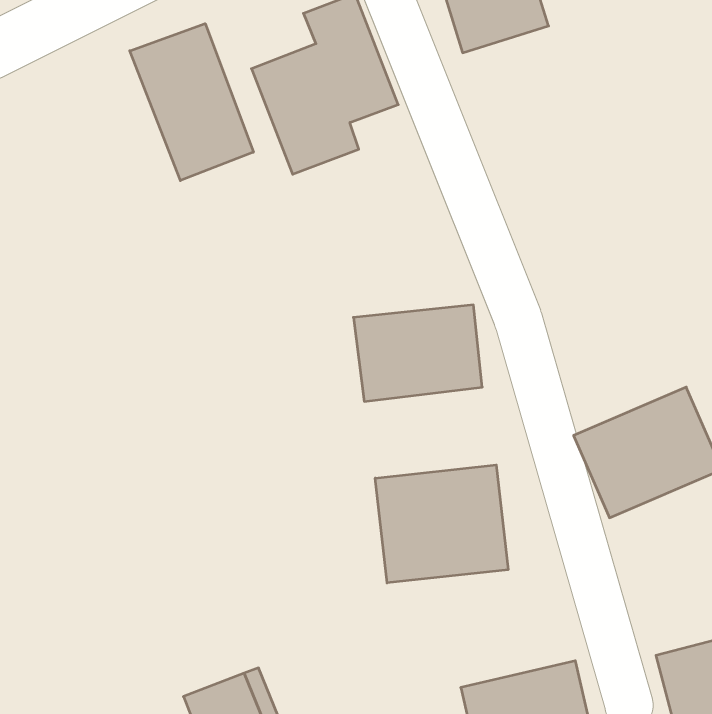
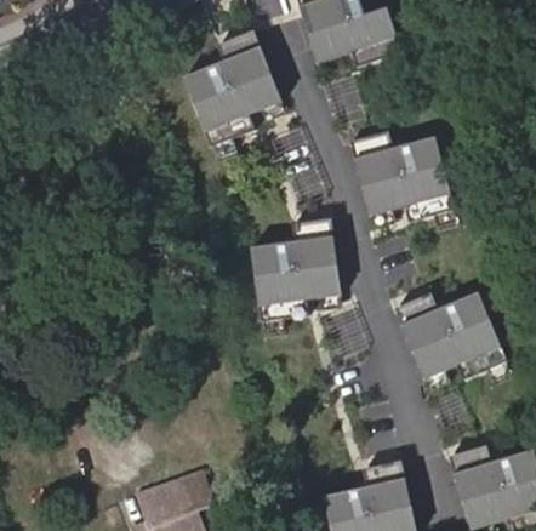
building: [130,24,253,181] -> none
building: none -> [358,135,449,211]
building: [375,465,508,583] -> none

